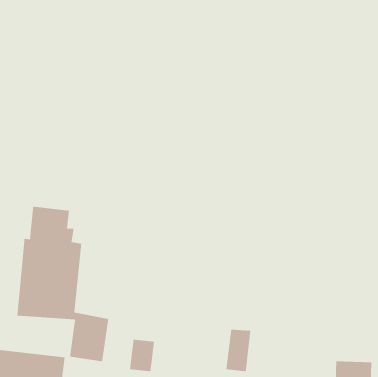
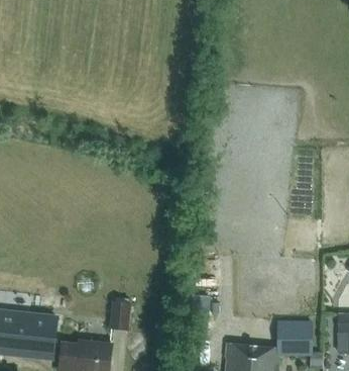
building: [17,206,109,362] -> none

